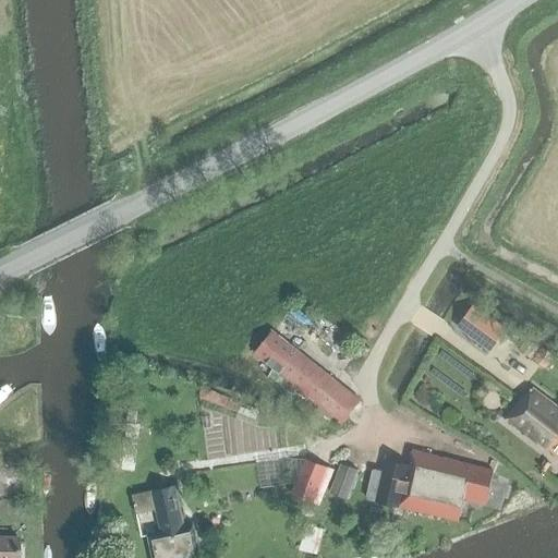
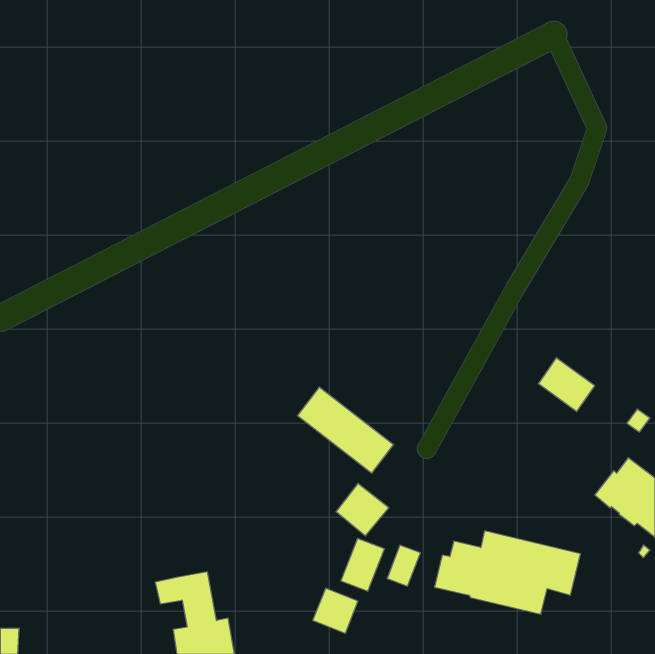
building: [316,378,361,423] -> [336,483,389,536]
building: none -> [313,588,358,633]

